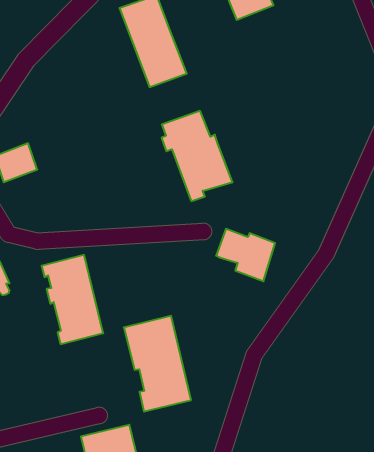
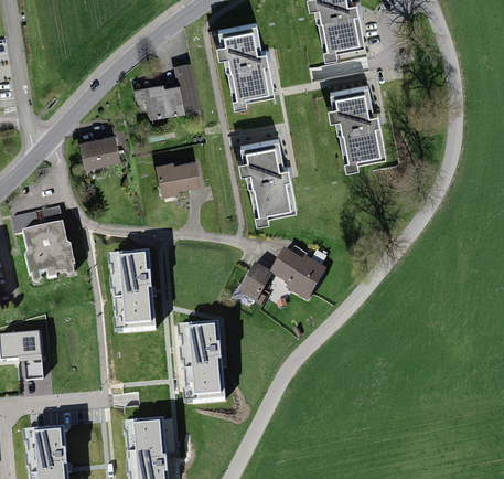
building: none -> [331,84,383,162]
building: none -> [133,64,199,119]
building: none -> [158,163,199,194]
building: none -> [238,263,272,307]

